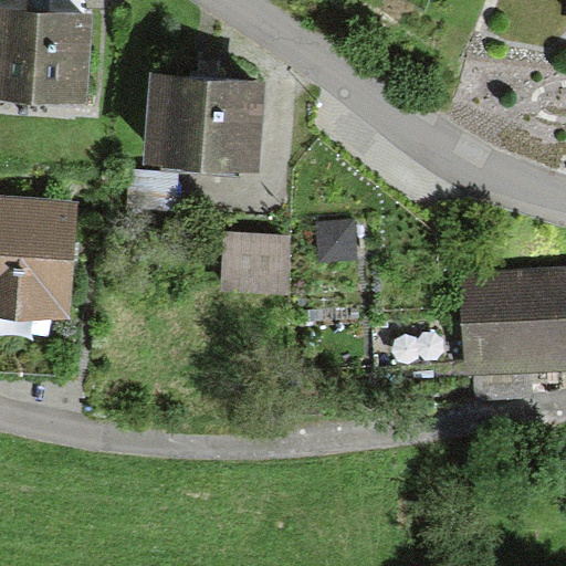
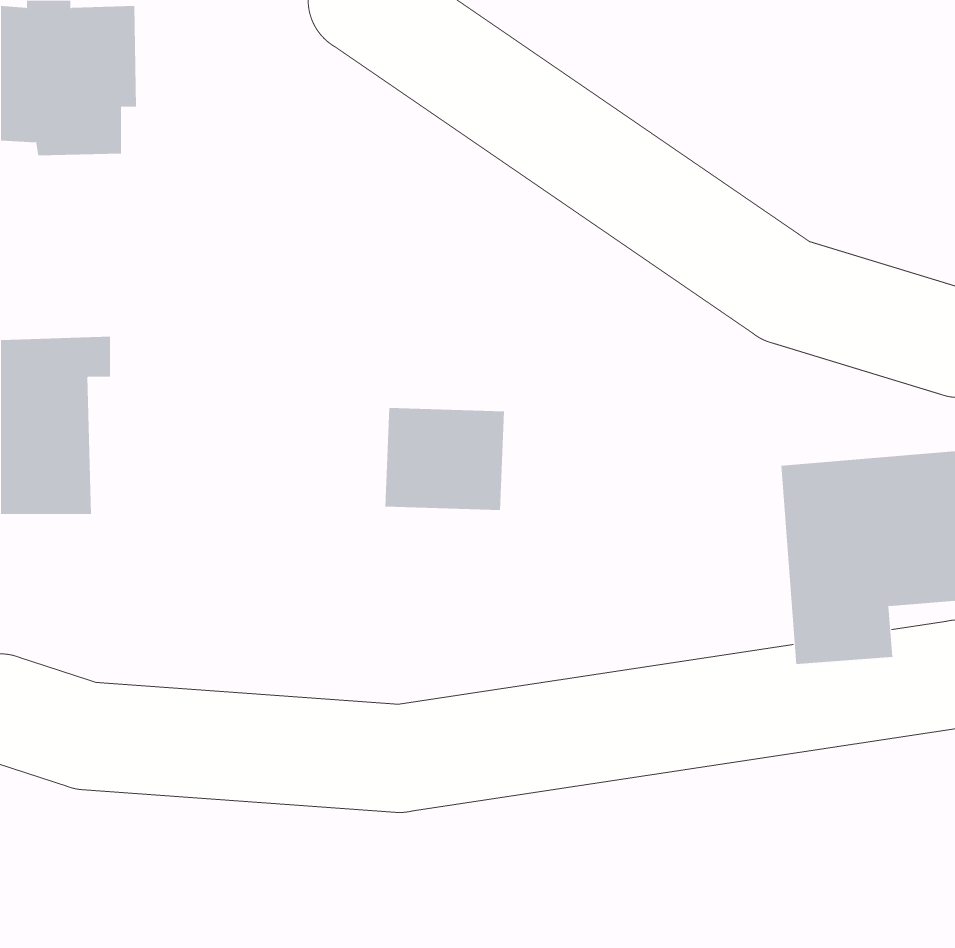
building: [148,71,252,165] -> none

